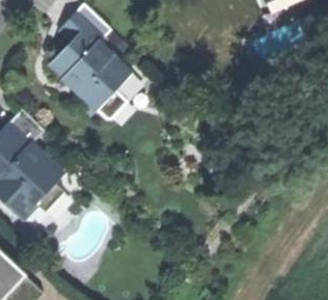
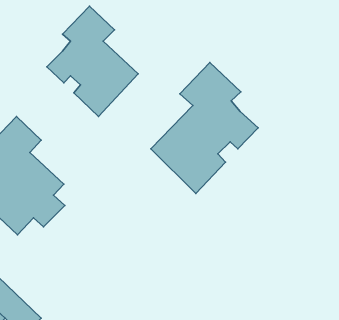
building: none -> [151,62,258,194]

